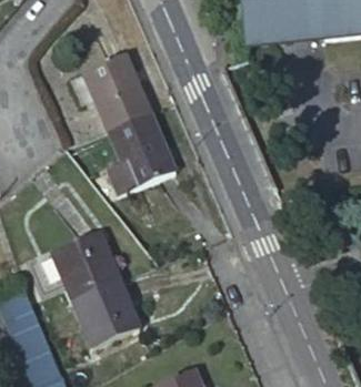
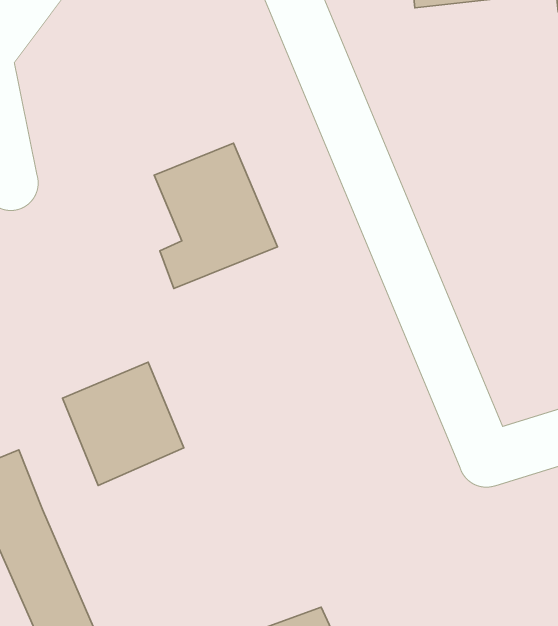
building: [79,52,148,130] -> none
building: [72,282,139,349] -> none

